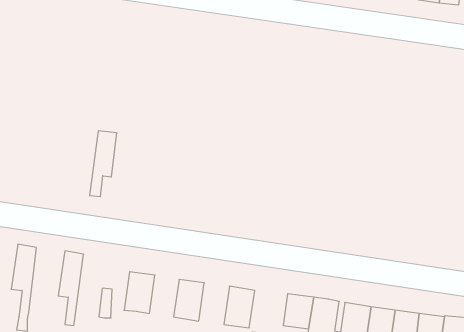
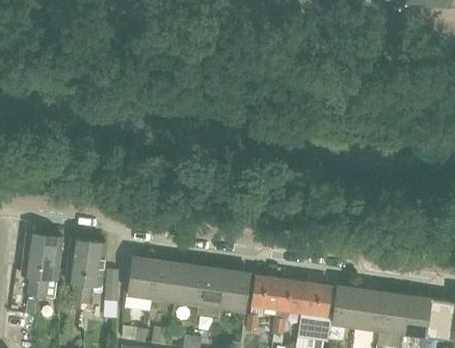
building: [90,131,117,197] -> [80,241,106,303]
building: none -> [36,235,62,299]
building: none -> [151,261,179,300]
building: none -> [197,268,226,307]
building: none -> [251,274,282,309]

